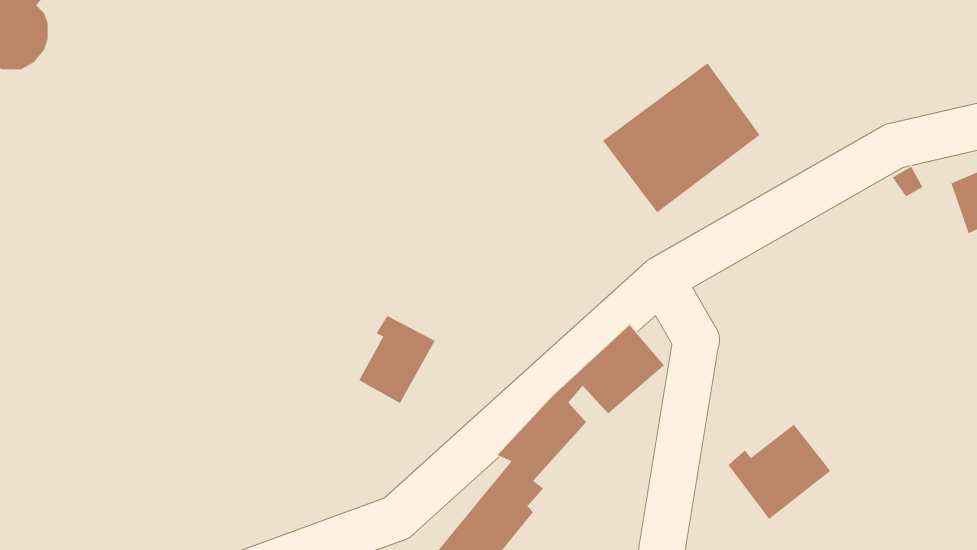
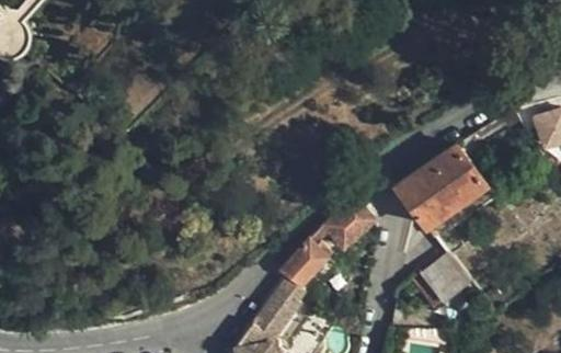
building: [602,62,761,213] -> [396,145,484,229]
building: [359,315,435,404] -> none

